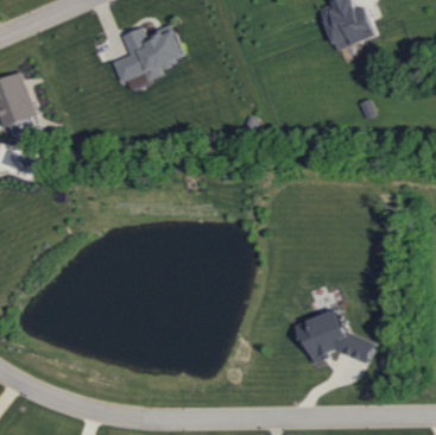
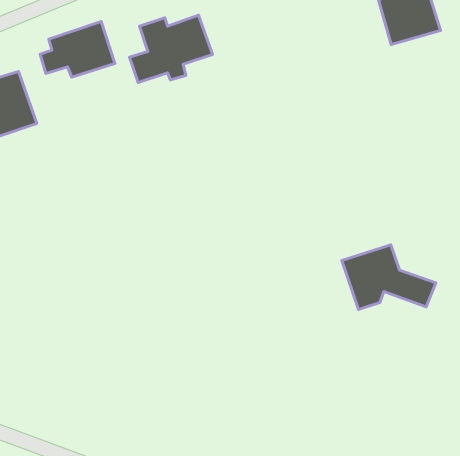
building: none -> [40,21,115,77]
building: [296,310,375,365] -> [342,245,436,310]

